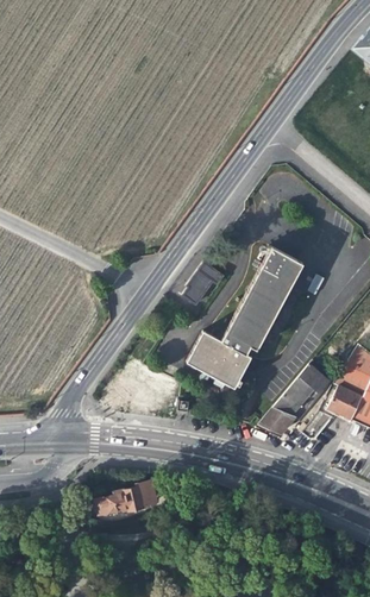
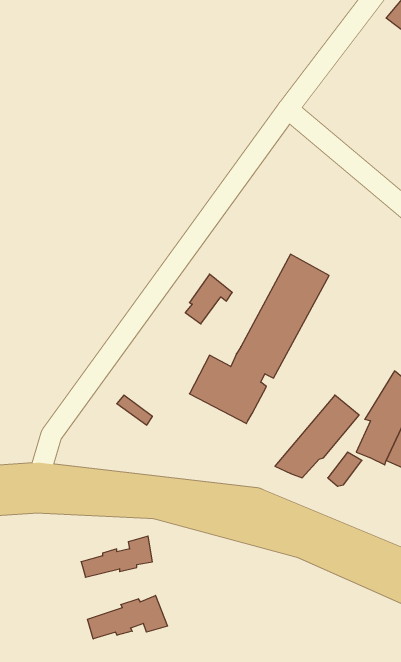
building: none -> [87,595,167,639]

